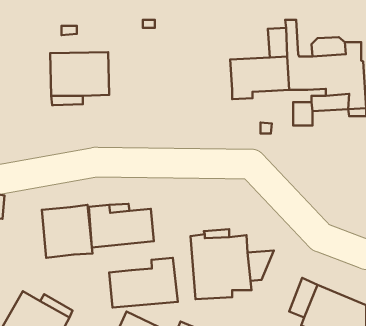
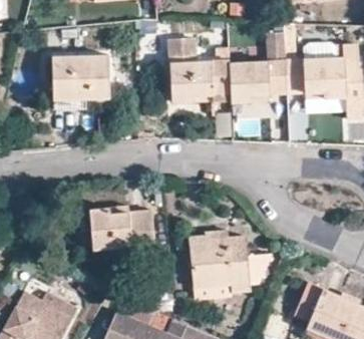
building: none -> [168,42,231,103]
building: [42,205,93,258] -> none
building: [109,258,178,308] -> none

